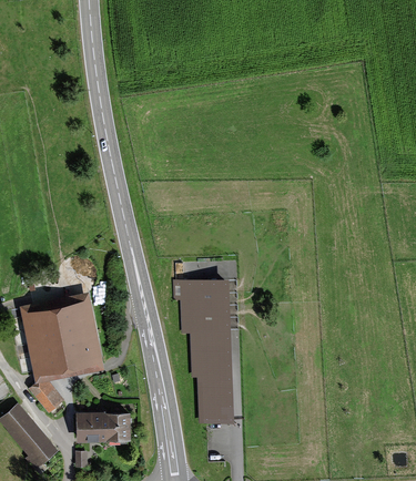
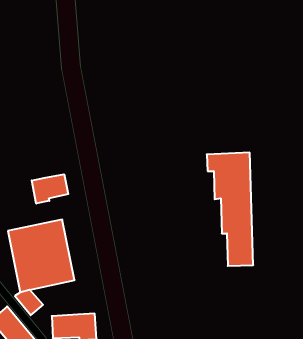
building: none -> [32,174,68,204]
building: [172,277,231,420] -> [207,153,253,266]

